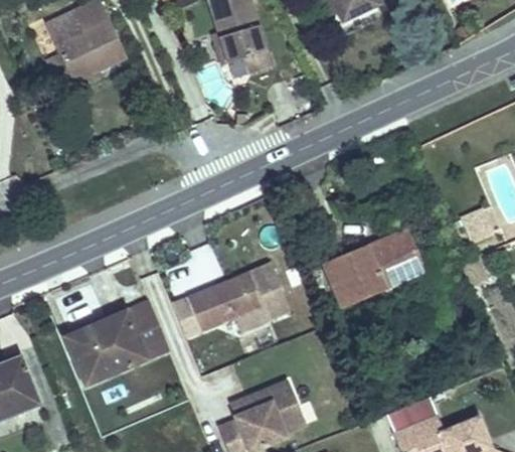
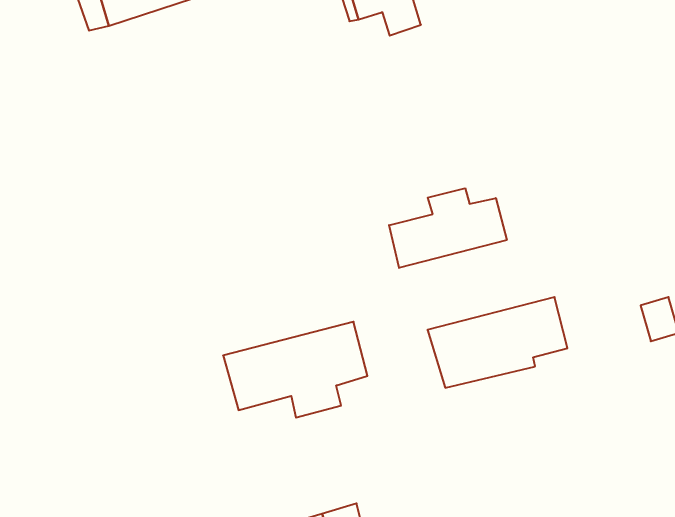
building: none -> [389,188,507,268]
building: [64,303,168,386] -> none

